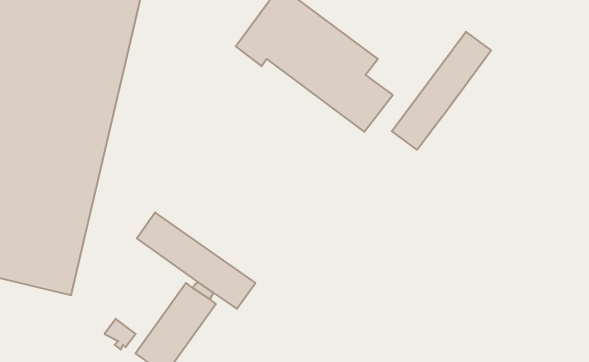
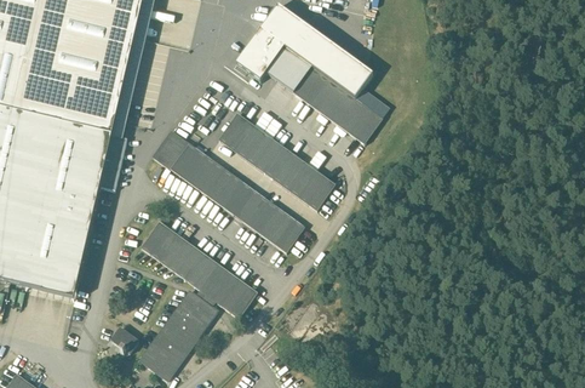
building: [392,32,491,150] -> none
building: none -> [218,113,333,209]
building: none -> [151,130,303,251]

